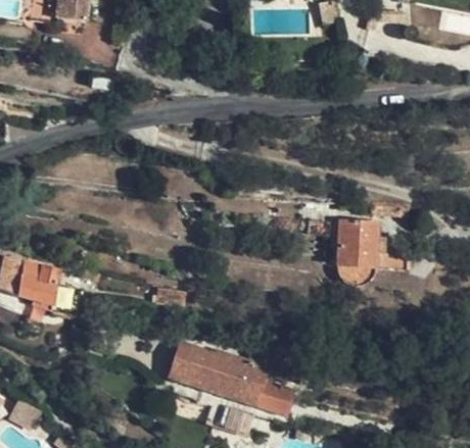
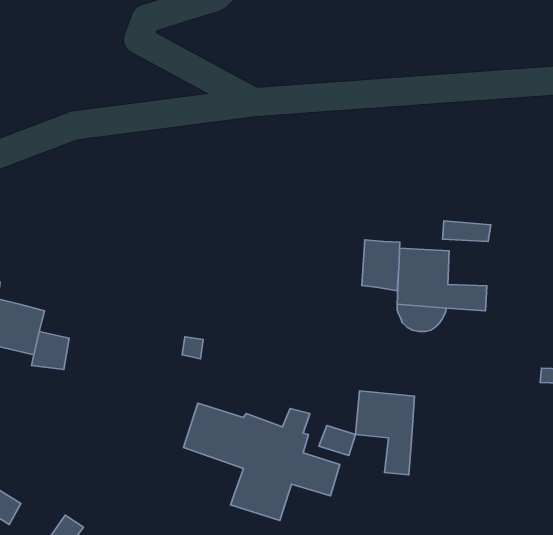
building: none -> [362,240,400,291]
building: none -> [355,391,415,475]

